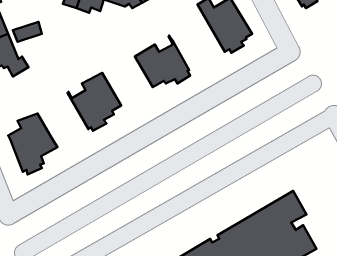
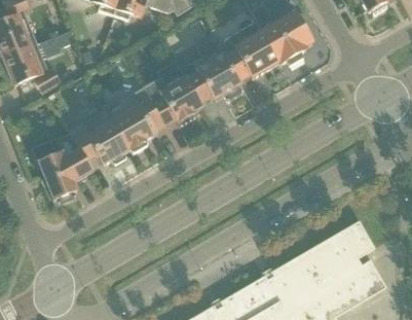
building: none -> [223,10,282,81]
building: none -> [143,69,202,126]
building: none -> [69,110,127,166]

